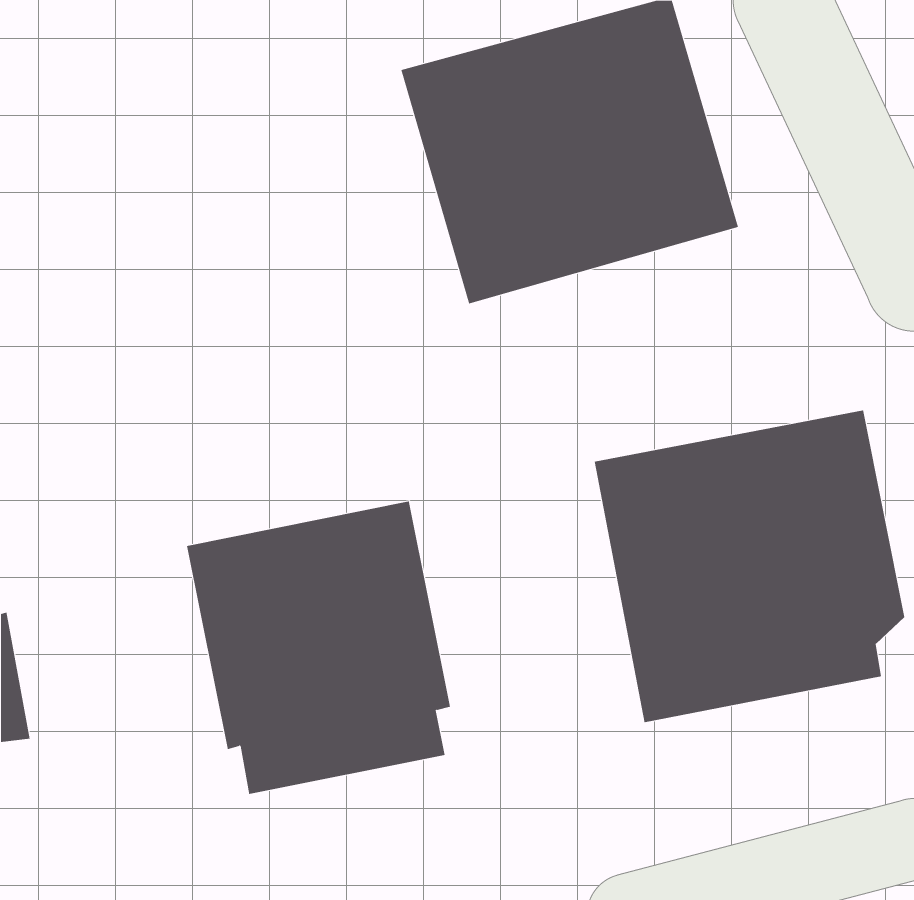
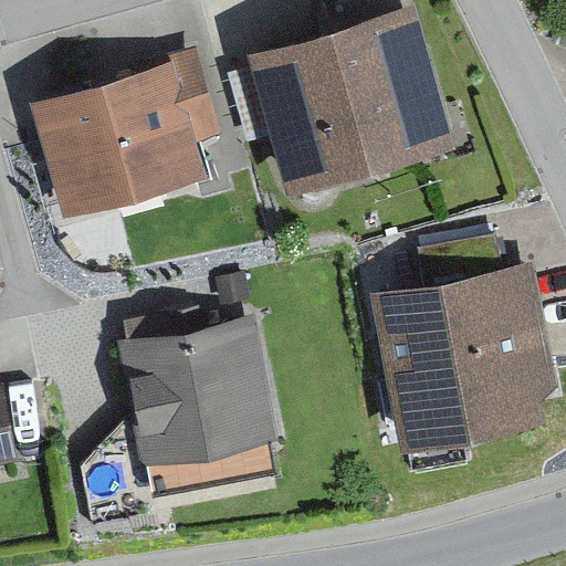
building: none -> [30,51,220,223]

